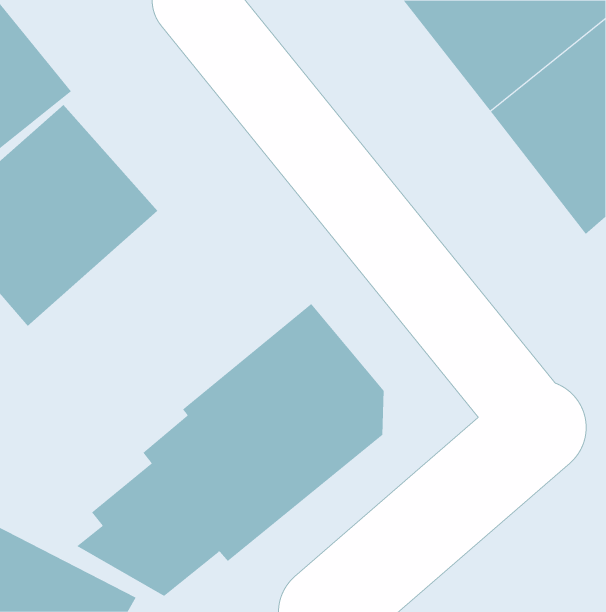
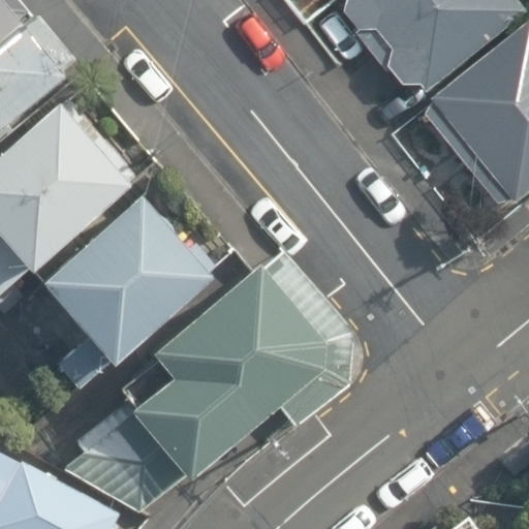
building: none -> [24,182,214,370]

